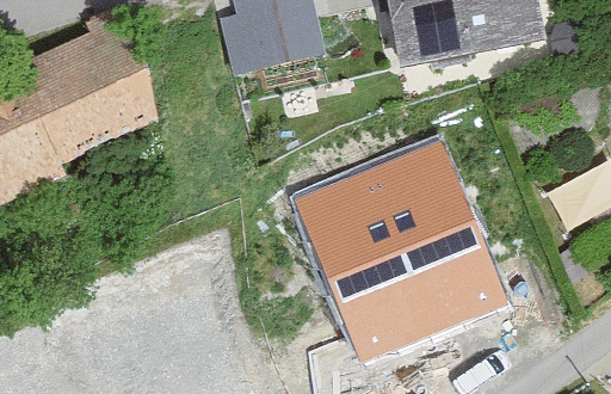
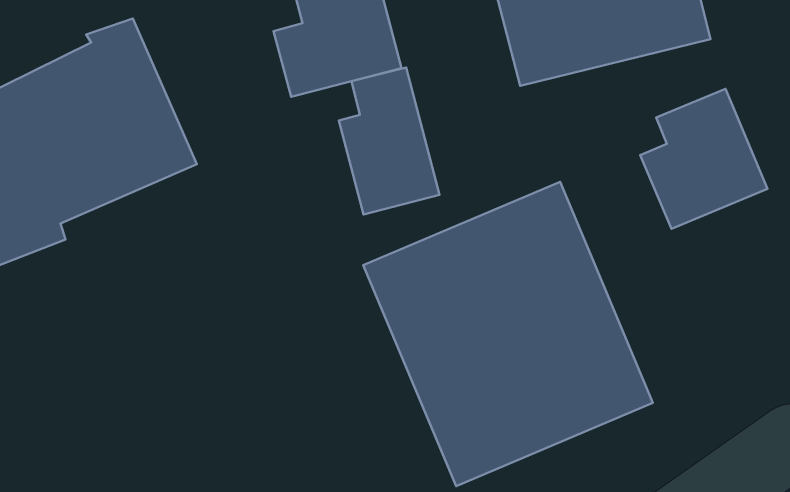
building: none -> [339,68,439,214]
building: none -> [640,89,767,229]

